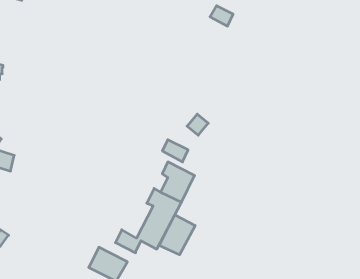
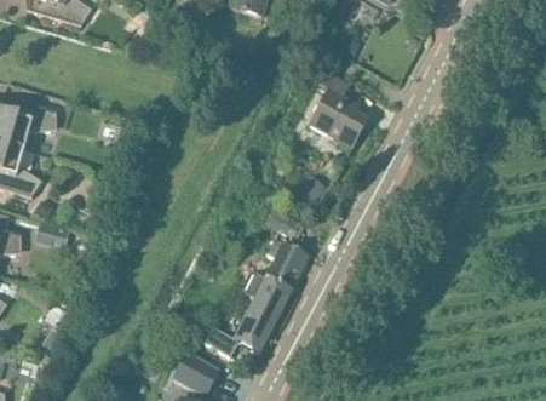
building: none -> [305,71,366,150]
building: [159,215,195,255] -> none

